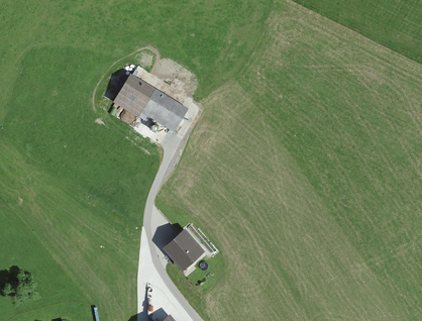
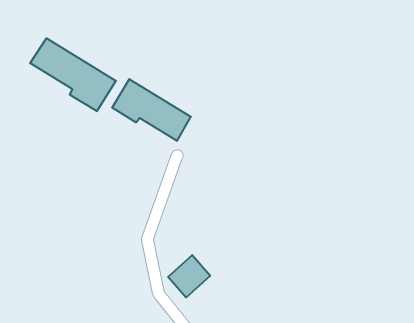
building: none -> [30,38,116,111]

